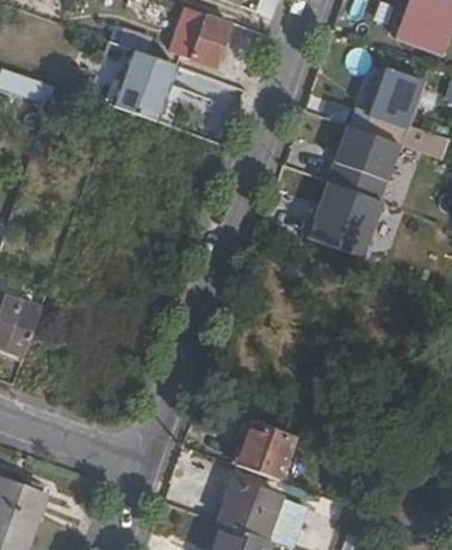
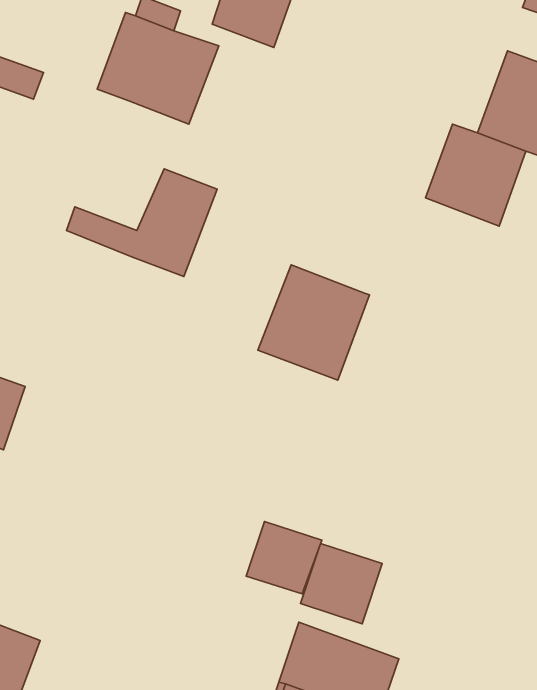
building: none -> [66,169,217,276]
building: [303,176,383,258] -> [258,265,369,380]
building: none -> [246,522,322,594]

